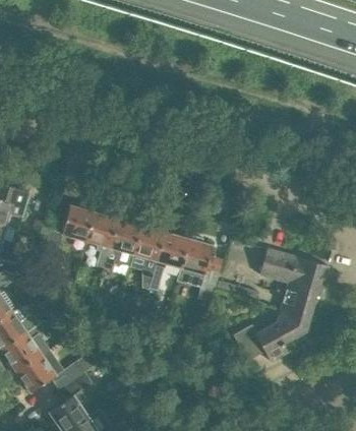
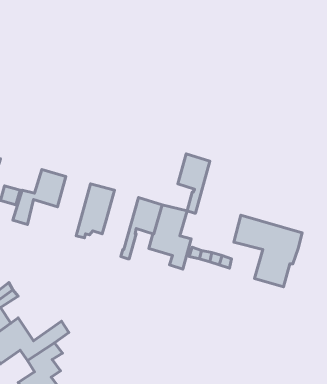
building: [87,210,120,268] -> none
building: [135,224,167,282] -> [178,154,210,213]
building: [232,310,309,361] -> none

